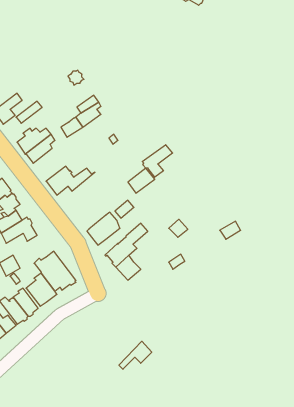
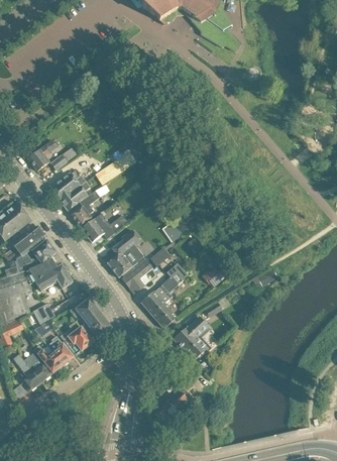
building: none -> [71,184,109,225]
building: [142,145,173,177] -> none
building: none -> [107,228,141,276]
building: none -> [173,315,208,359]

